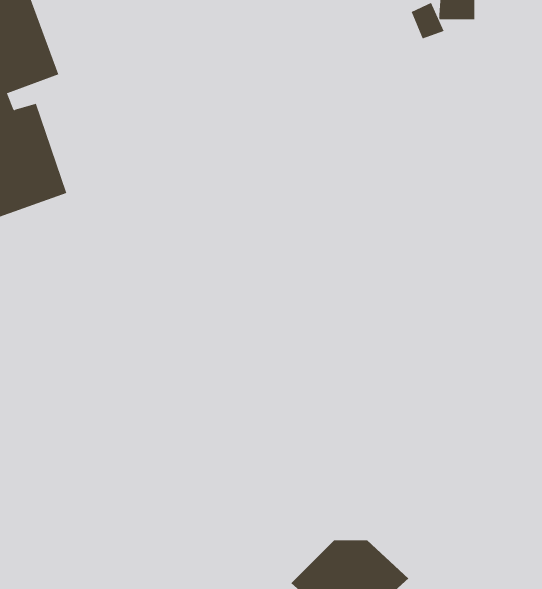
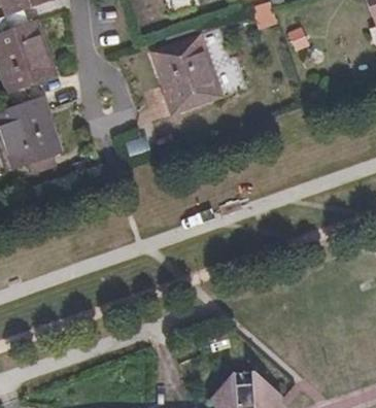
building: none -> [151,35,223,113]

